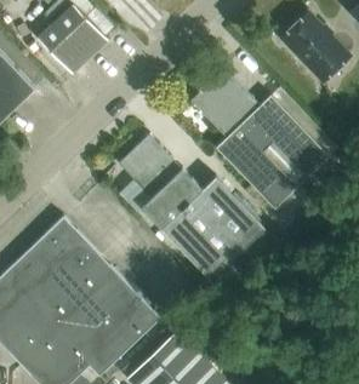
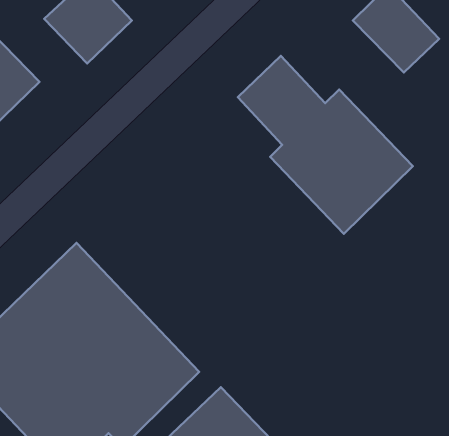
building: [119,133,264,275] -> none

